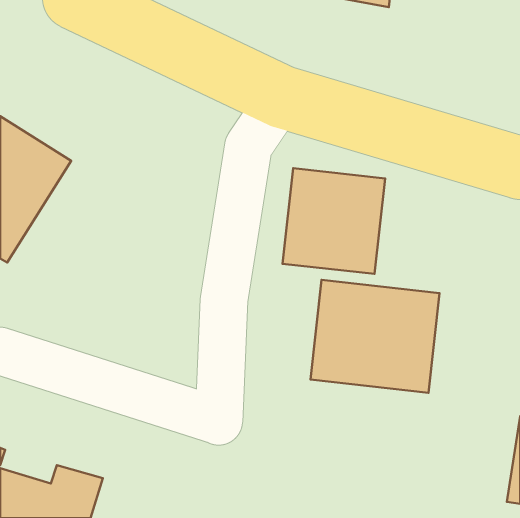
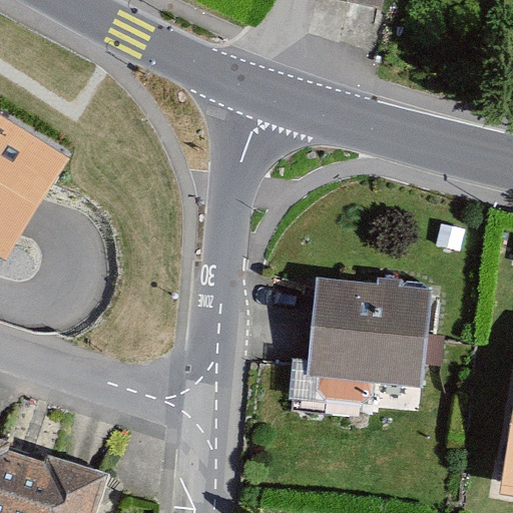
building: [283,168,385,274] -> none

